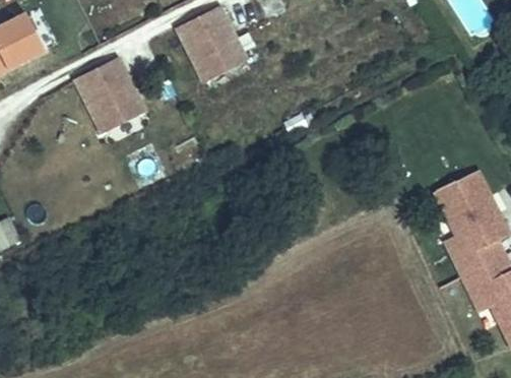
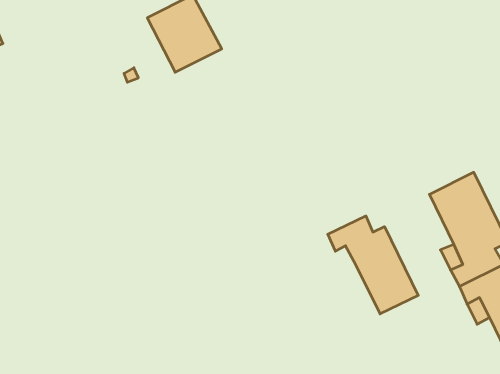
building: [76,59,143,131] -> none
building: none -> [328,216,418,314]

